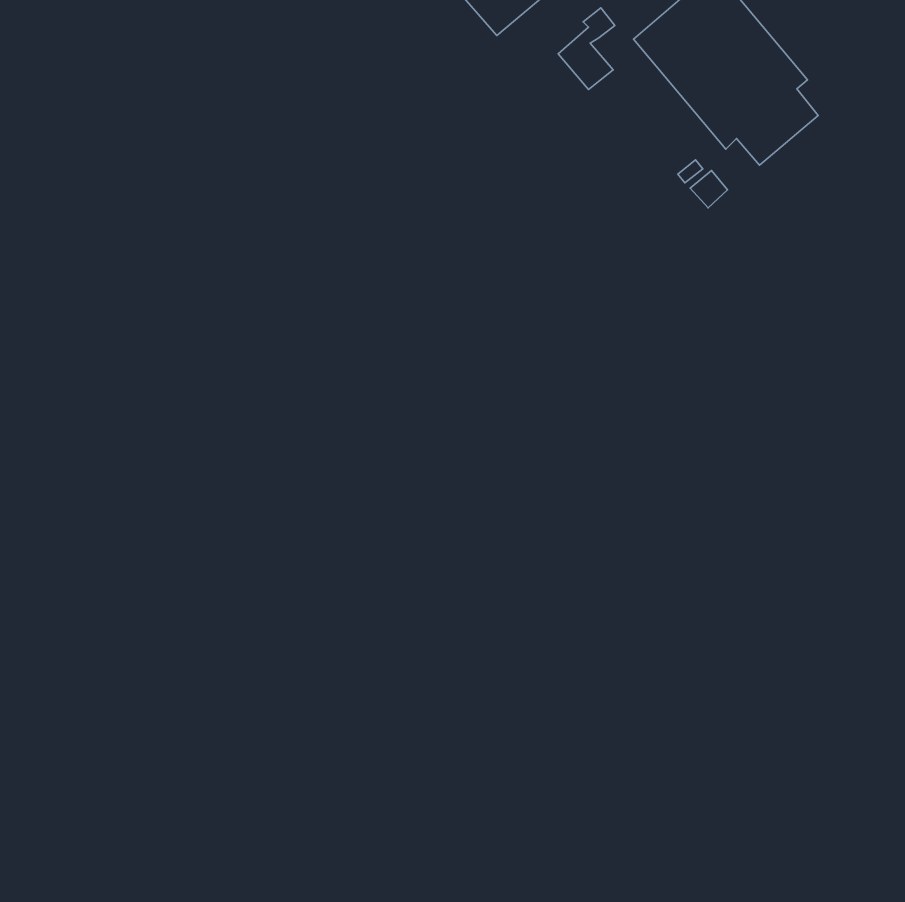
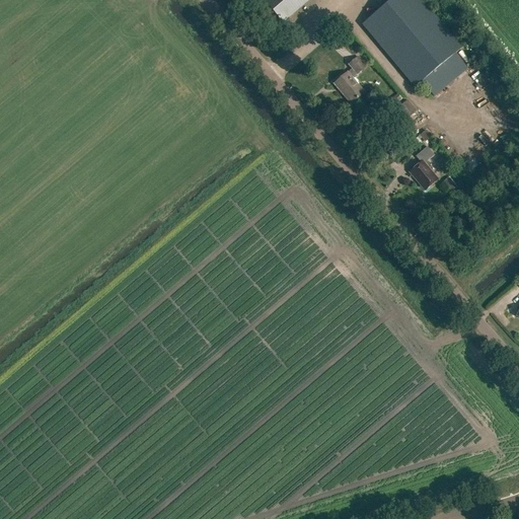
building: [558,8,615,89] -> [333,55,366,101]
building: none -> [409,144,437,188]

